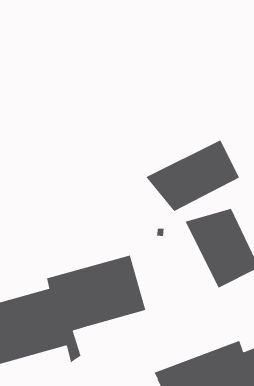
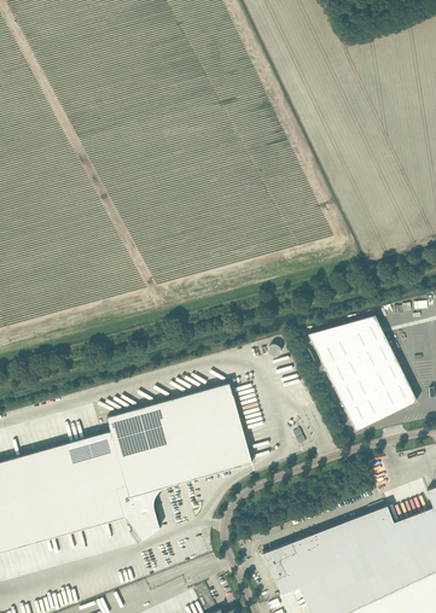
building: [145,139,240,212] -> none

